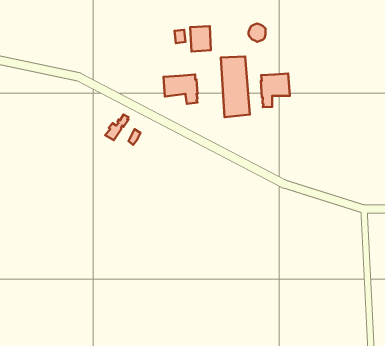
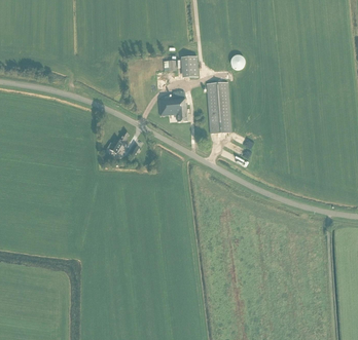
building: [261,74,290,107] -> none

